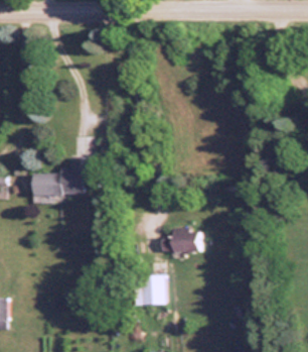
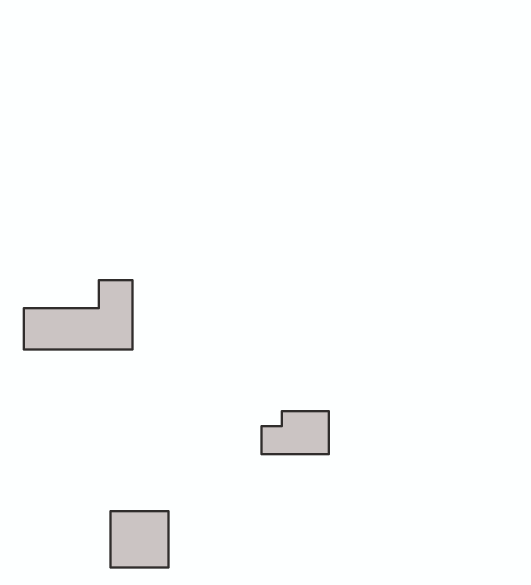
building: [134,276,165,307] -> [111,511,169,567]

